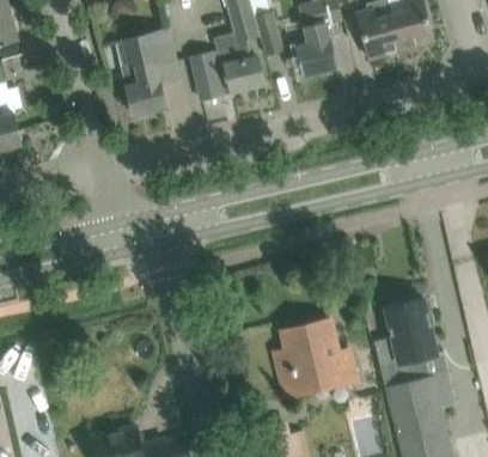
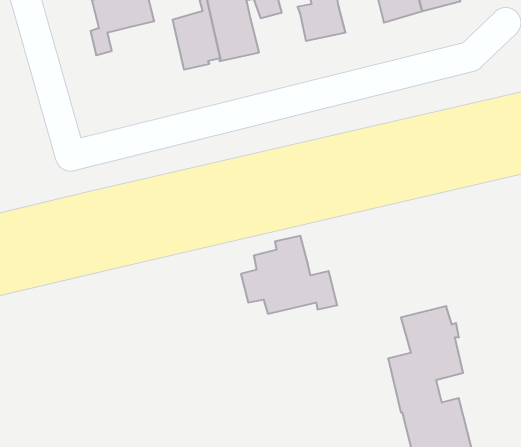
building: [127,62,166,116] -> none
building: [276,319,358,385] -> [241,236,337,314]

